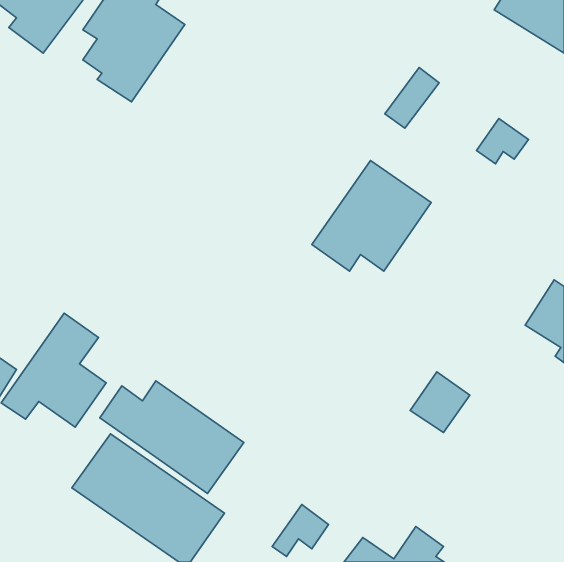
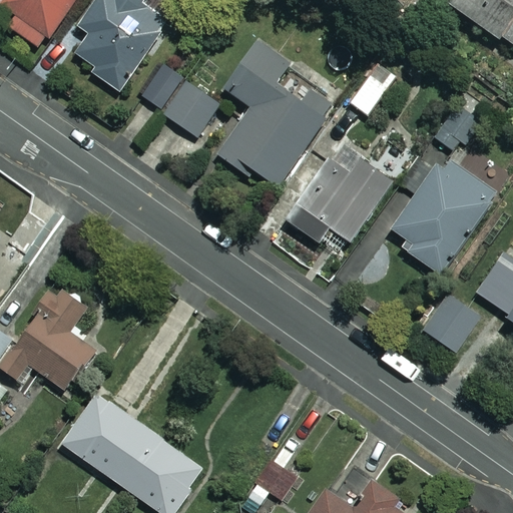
building: none -> [215,44,338,189]
building: none -> [162,81,218,138]
building: none -> [390,155,496,277]
building: [410,372,470,433] -> [423,296,477,351]
building: [100,381,244,494] -> none

